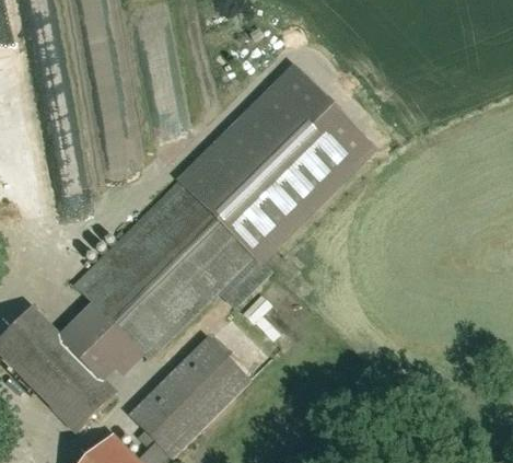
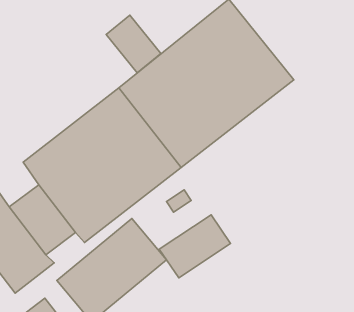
building: none -> [106,15,161,73]
building: none -> [159,215,231,278]

